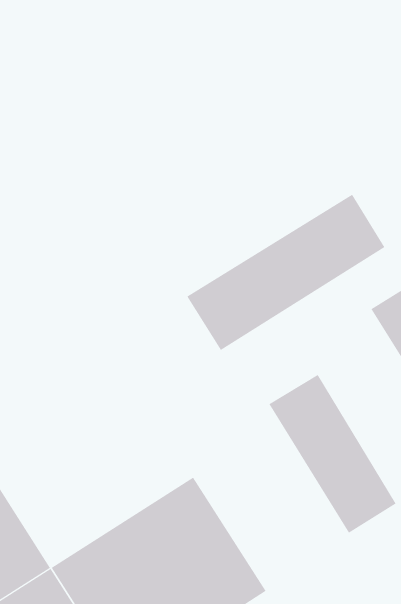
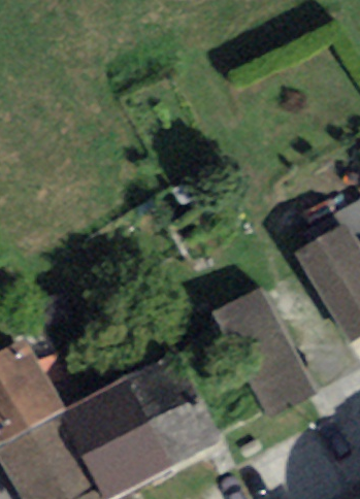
building: [186,194,385,351] -> none

